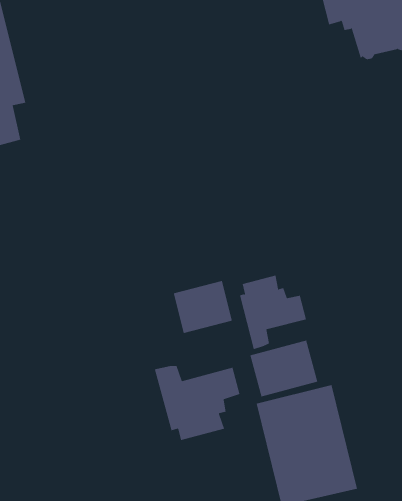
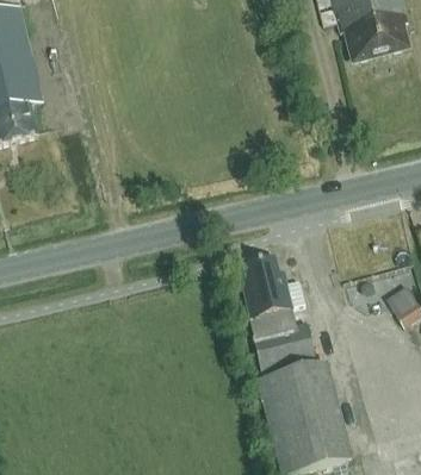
building: [173,280,233,334] -> none
building: [154,365,240,441] -> none

